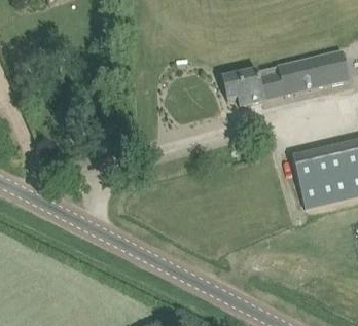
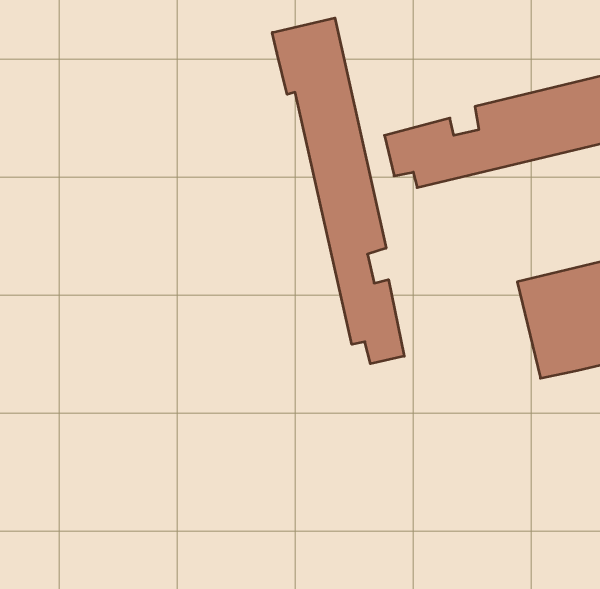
building: none -> [272,18,404,364]

